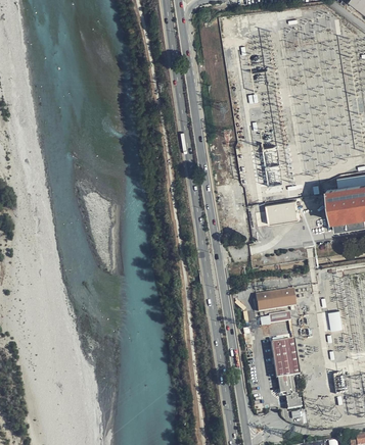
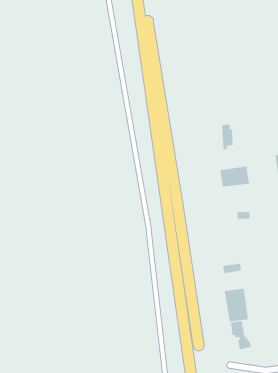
building: [255,288,294,311] -> none

